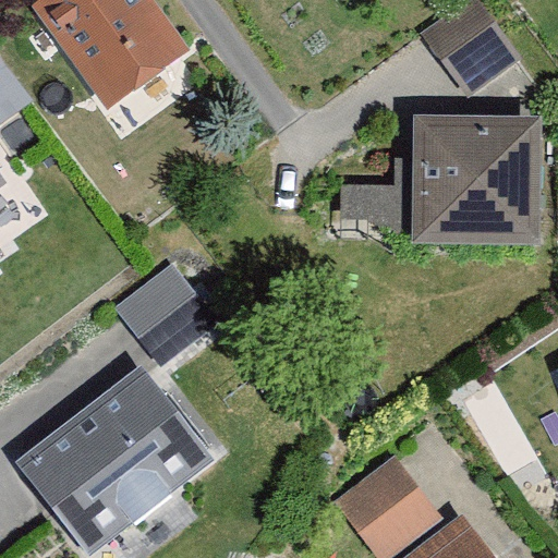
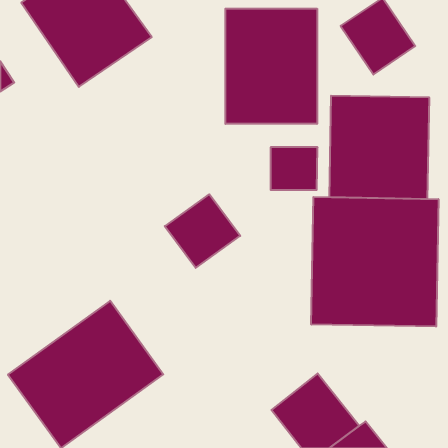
building: none -> [225,9,317,124]
building: none -> [311,197,438,327]
building: [118,267,210,357] -> [165,194,240,268]

